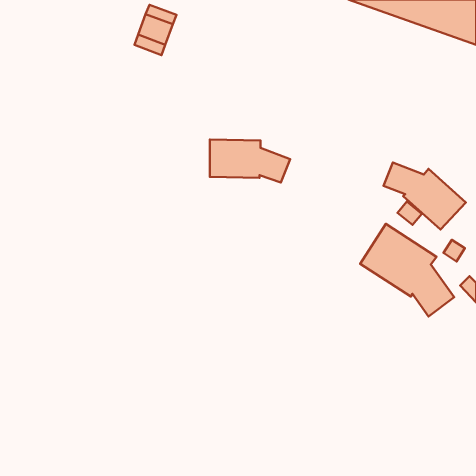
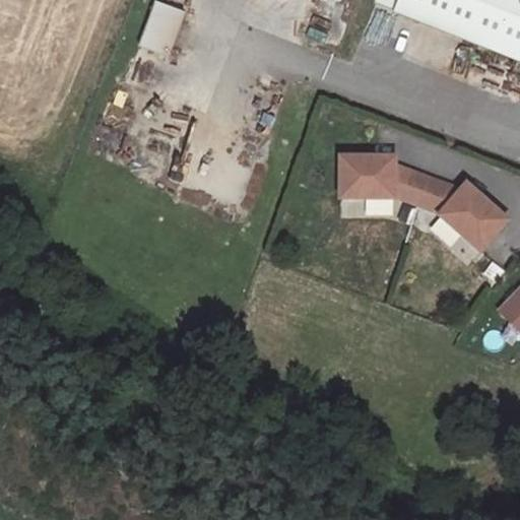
building: [210,140,290,182] -> [340,155,428,202]
building: [360,224,454,317] -> none

